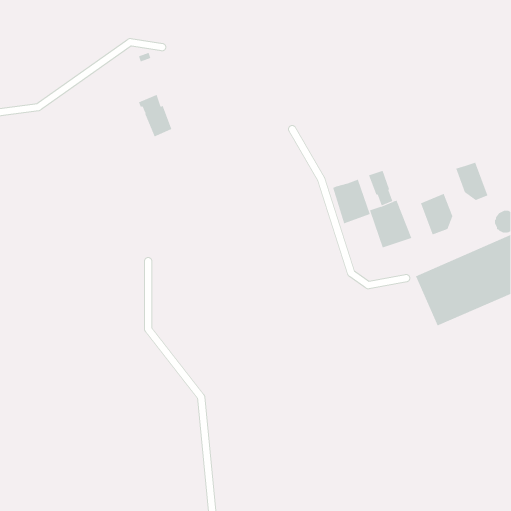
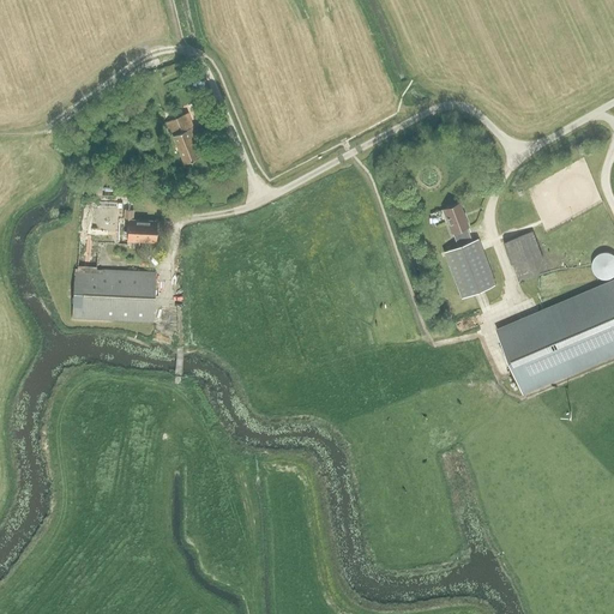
building: none -> [73,186,157,323]
building: [456,162,488,201] -> none
building: [333,179,371,224] -> none

